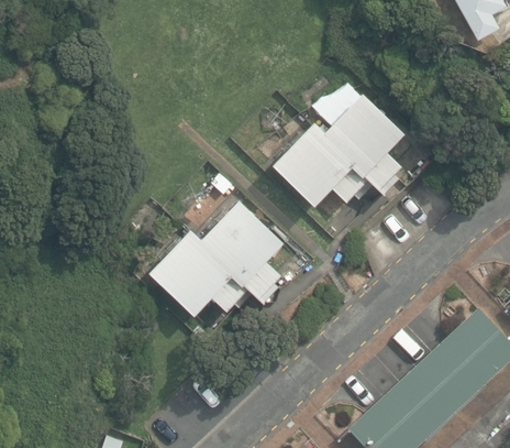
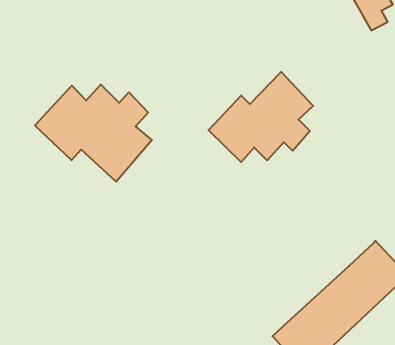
building: none -> [35,84,152,182]
building: [147,199,282,317] -> none

